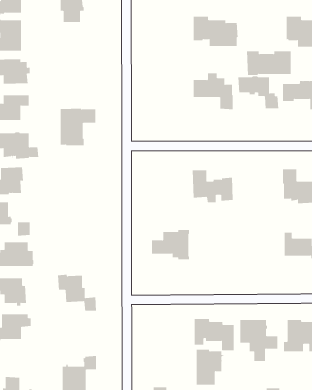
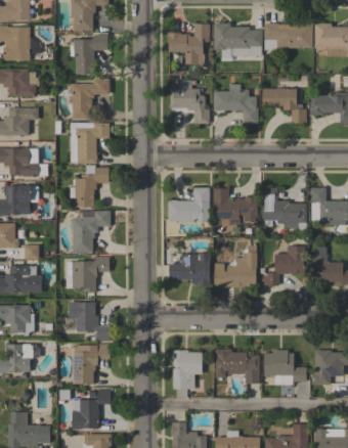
building: none -> [168,24,210,63]
building: none -> [70,34,107,74]
building: [246,51,292,75] -> [264,23,313,49]
building: none -> [72,79,110,119]
building: none -> [170,80,210,124]
building: none -> [70,165,110,207]
building: none -> [168,187,210,222]
building: none -> [262,187,306,229]
building: none -> [72,211,111,253]
building: none -> [263,243,305,287]
building: none -> [214,244,257,287]
building: none -> [67,257,110,292]
building: none -> [73,343,111,384]
building: [196,349,224,385] -> [173,350,204,389]

